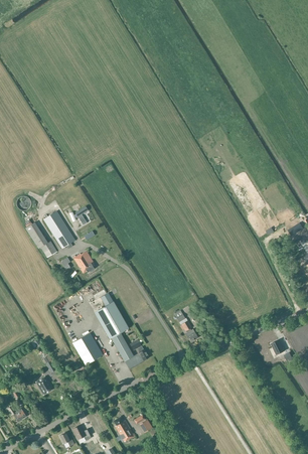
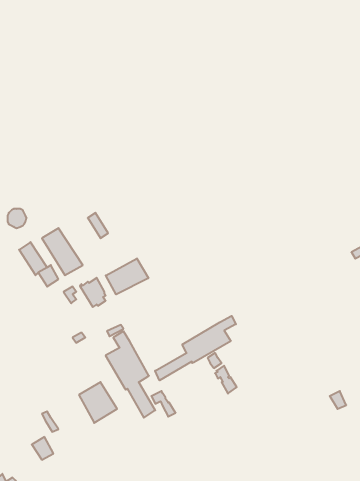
building: none -> [106,258,148,294]
building: none -> [155,316,236,380]

